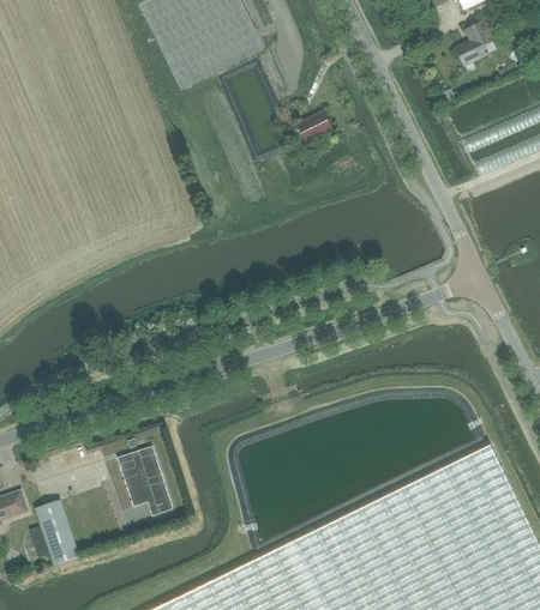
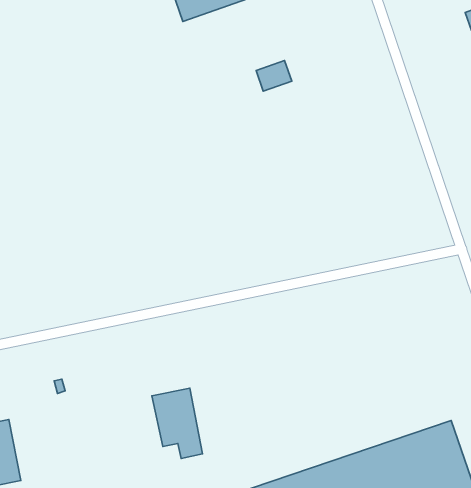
building: [296,110,332,143] -> [256,61,292,91]
building: [116,445,173,514] -> [152,388,203,459]

